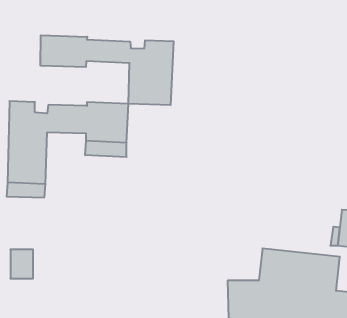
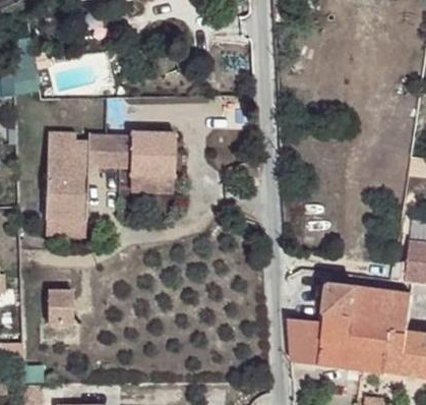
building: [41,35,174,105] -> none

